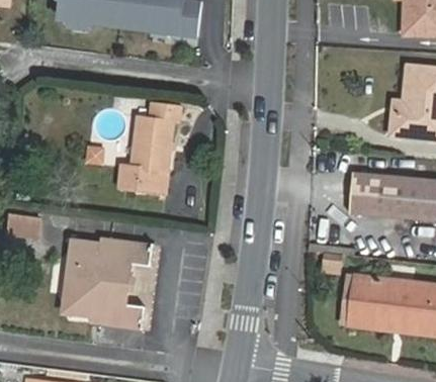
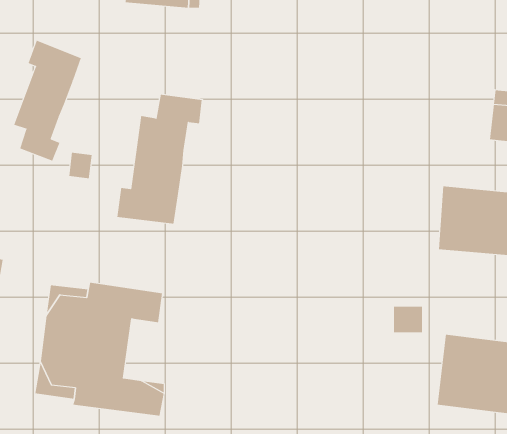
building: none -> [13,40,82,161]

